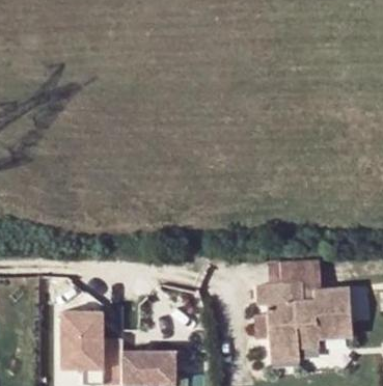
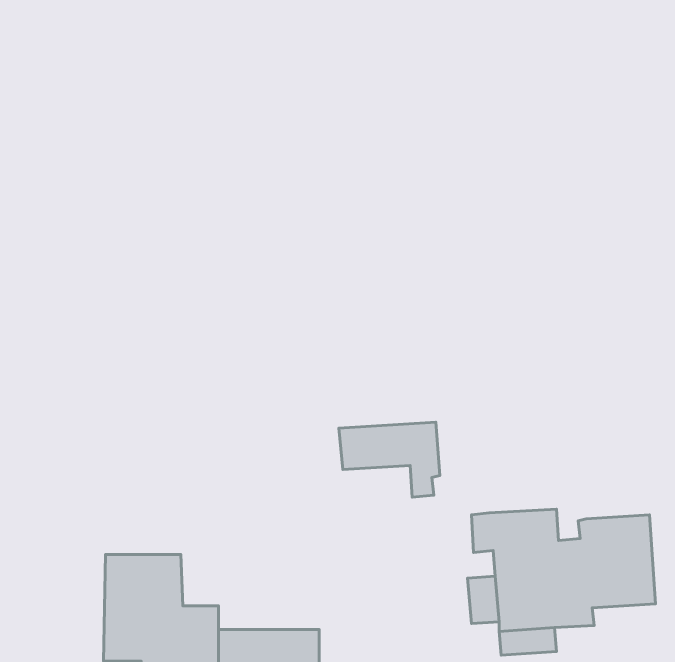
building: [264,264,317,303] -> [339,422,440,497]

